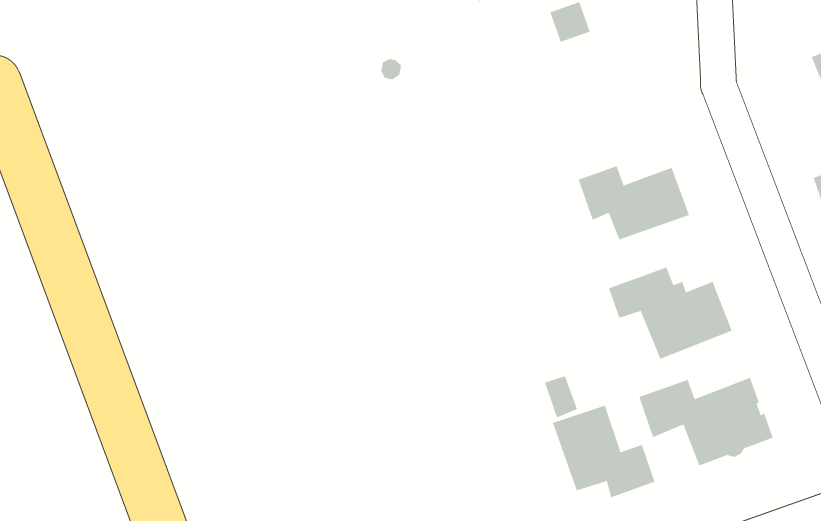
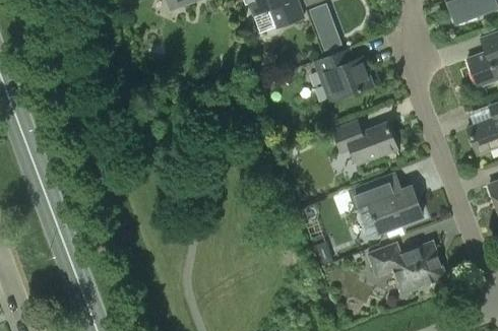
building: none -> [314,48,373,102]
building: [552,405,655,498] -> none

